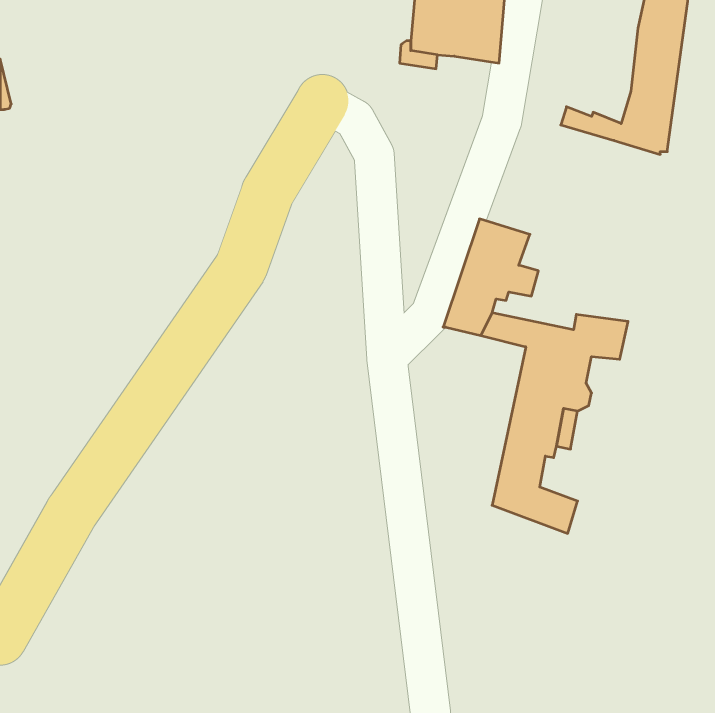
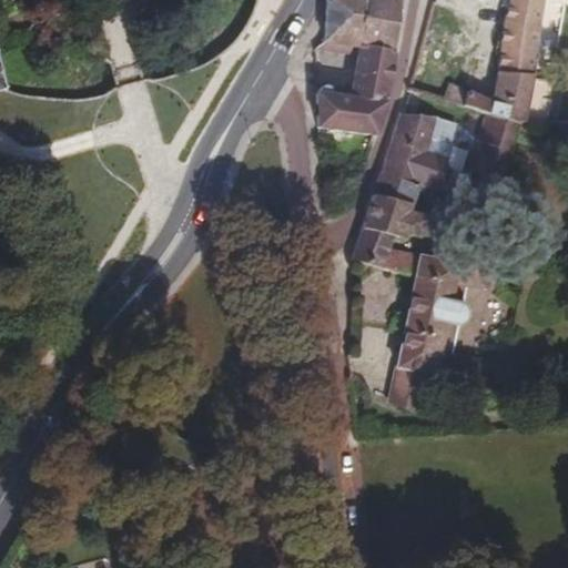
building: none -> [318,44,396,132]
building: none -> [477,111,524,152]
building: none -> [381,113,458,190]

